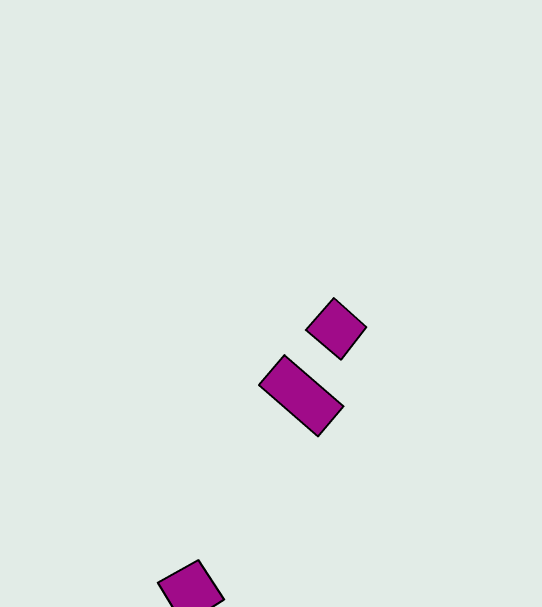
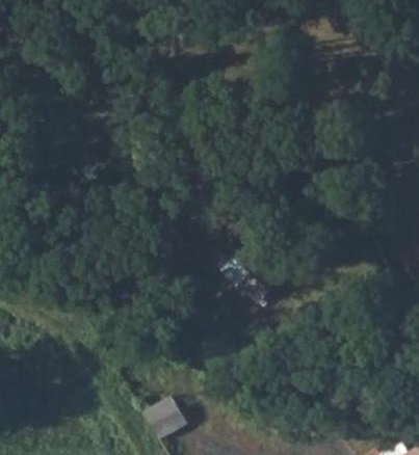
building: [306,298,366,360] -> none

